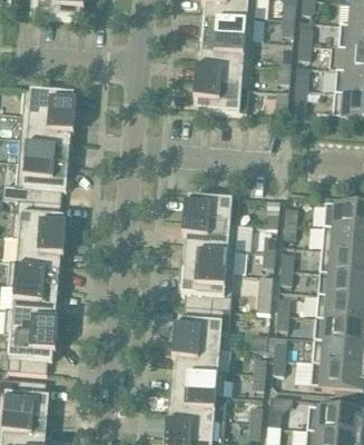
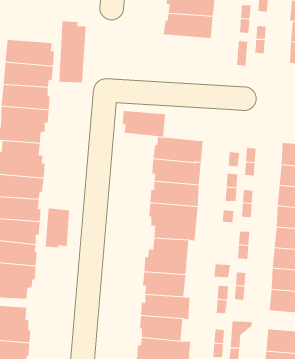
building: none -> [59,21,86,83]
building: [194,83,248,112] -> [122,111,172,137]
building: none -> [45,208,70,248]

